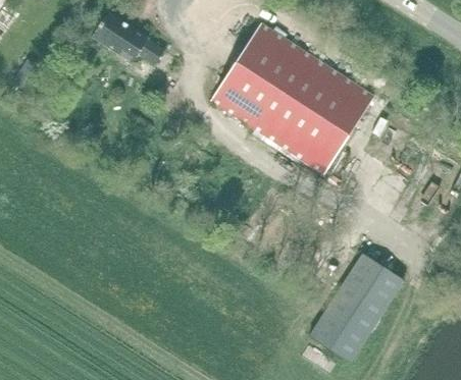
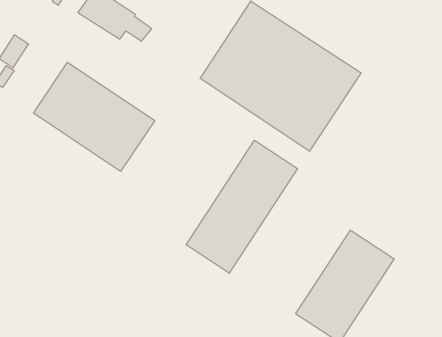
building: none -> [34,62,155,171]
building: none -> [186,140,298,273]

